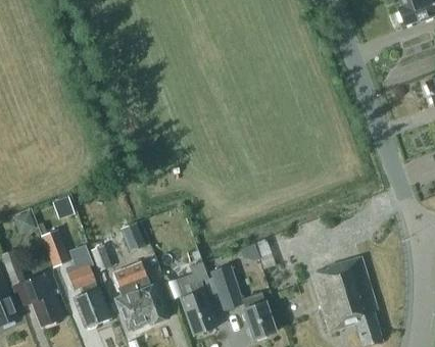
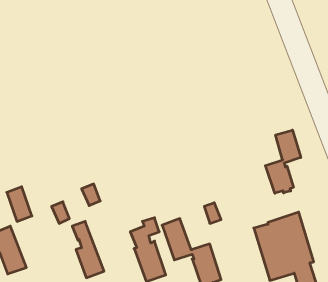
building: none -> [265,130,301,193]
building: [67,245,109,328] -> none
building: [128,261,167,323] -> none

